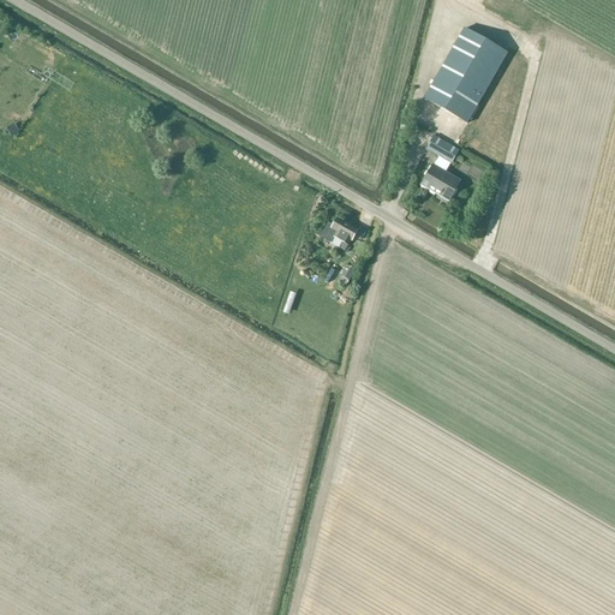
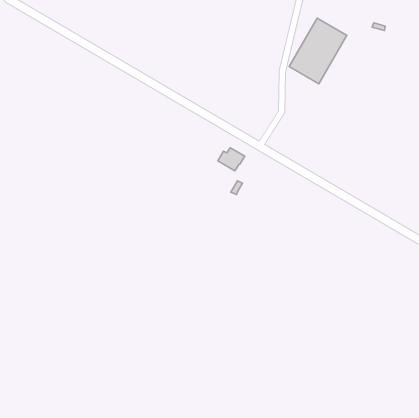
building: [420,133,460,197] -> none

